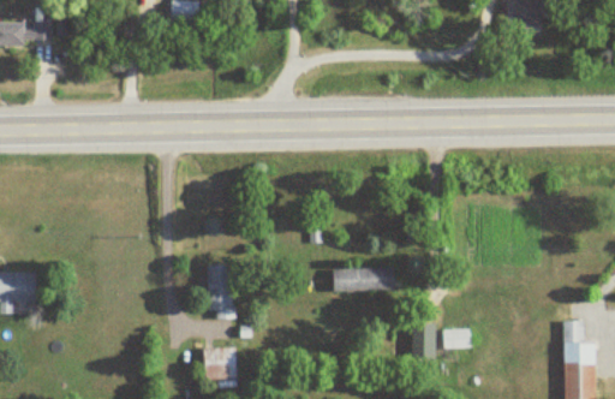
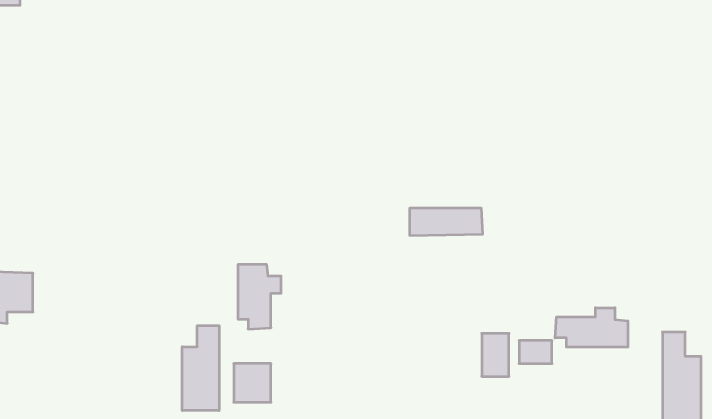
building: [333,268,394,291] -> [410,208,483,235]
building: none -> [555,308,628,347]
building: none -> [182,326,219,411]

